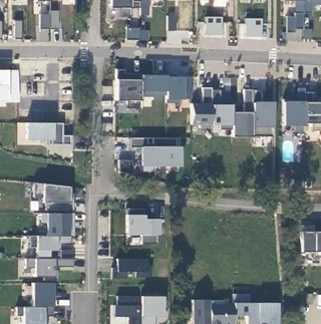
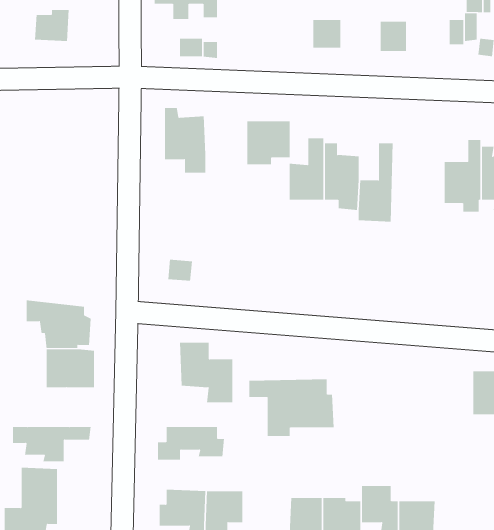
building: [141,74,167,100] -> none
building: [253,90,274,137] -> none
building: [26,123,72,145] -> none
building: [130,137,182,172] -> [248,379,334,436]
building: [36,236,61,259] -> none

